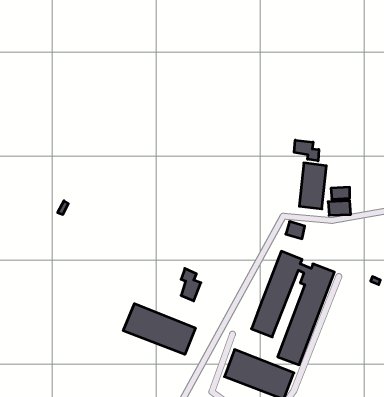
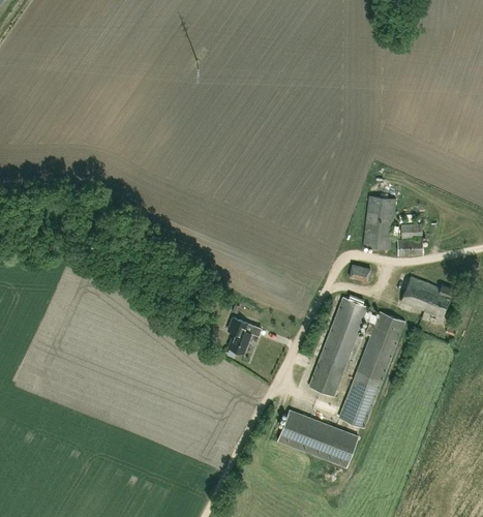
building: [294,140,319,161] -> none
building: none -> [400,276,454,318]
building: [123,304,195,354] -> none

